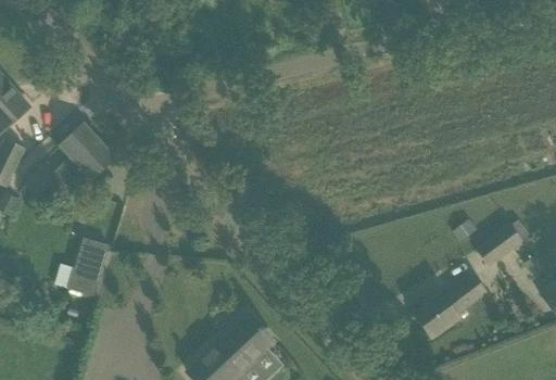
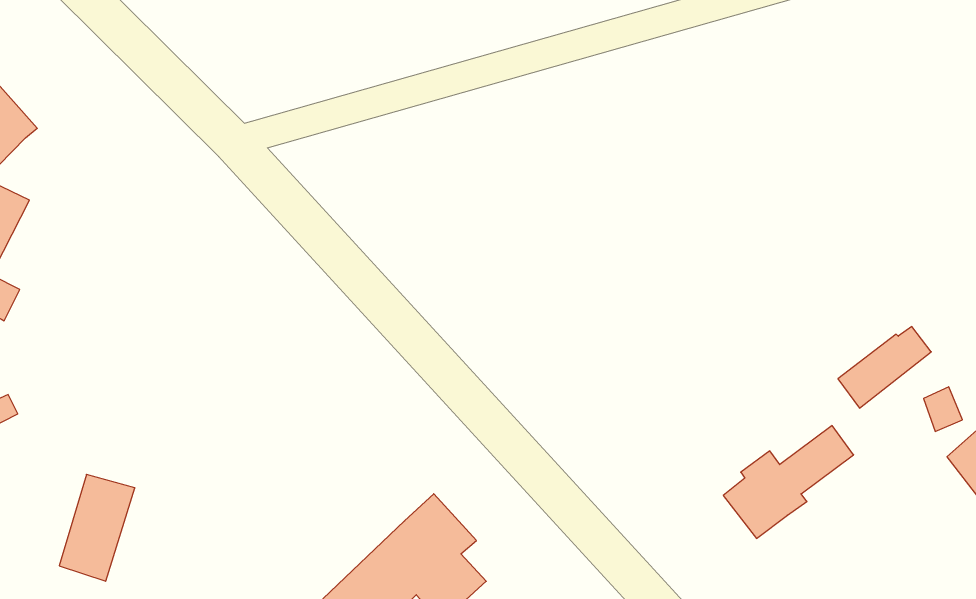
building: [54,121,116,192] -> none
building: [66,241,109,301] -> [59,474,135,581]

